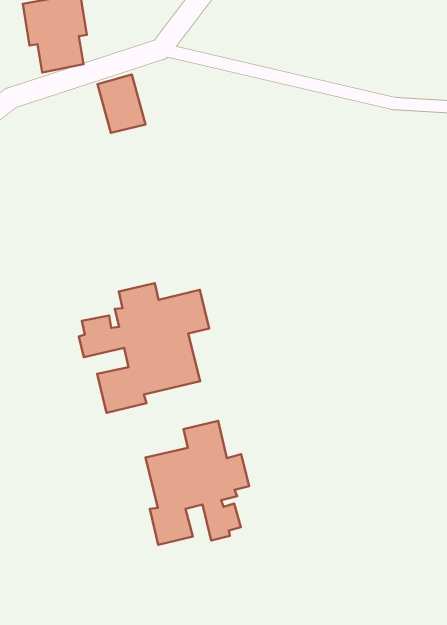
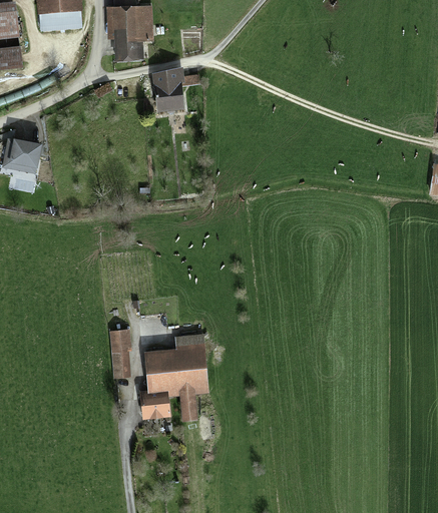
building: [79,283,209,413] -> none
building: none -> [111,332,129,376]

